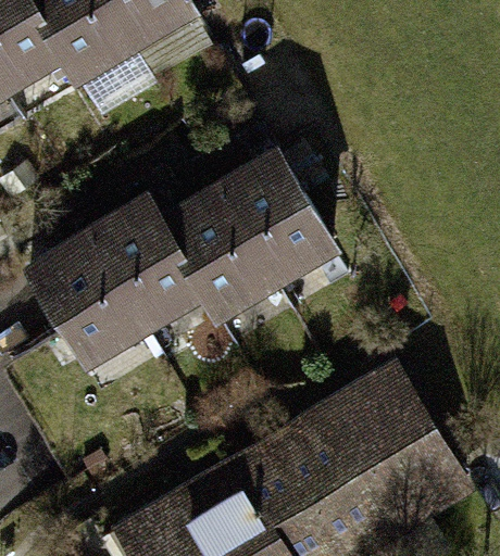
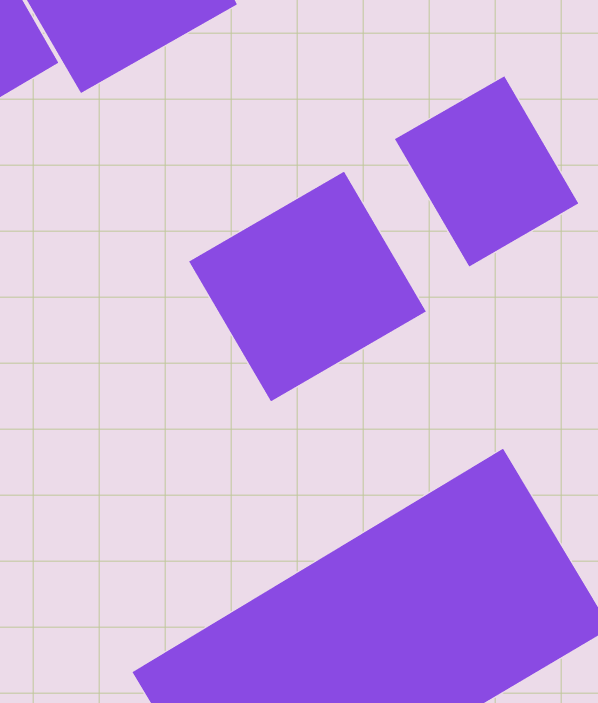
building: none -> [394,75,579,267]
building: [27,199,204,376] -> none

